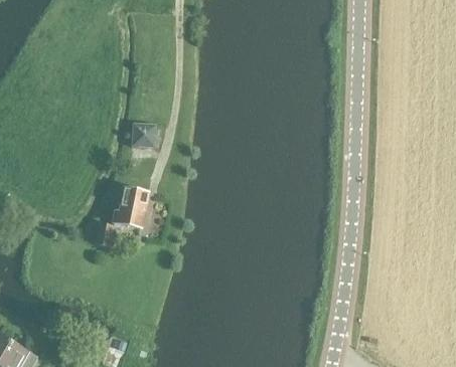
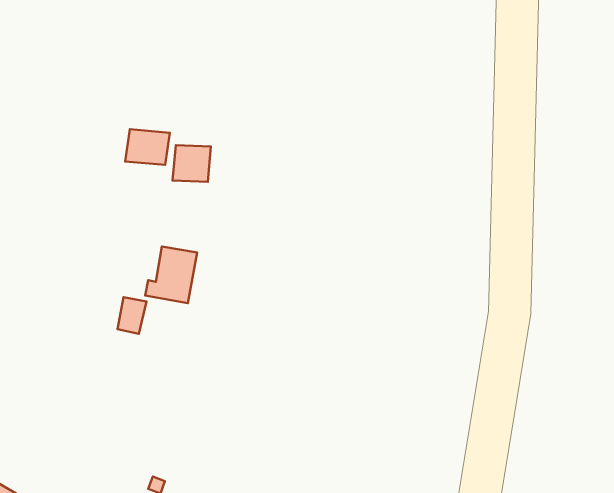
building: none -> [125,129,170,165]

